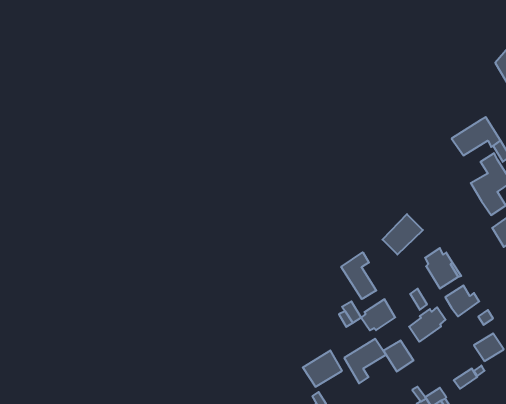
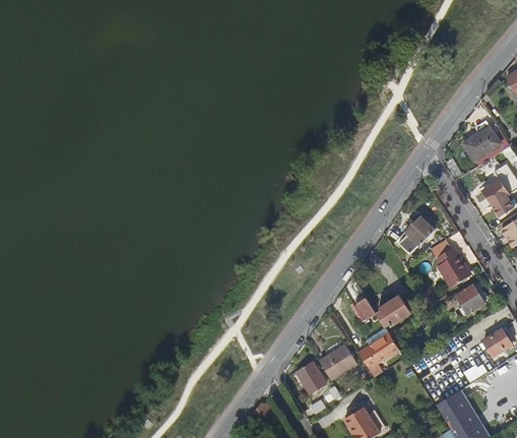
building: [341,252,376,299] -> none
building: [409,307,446,342] -> none
building: [384,340,413,372] -> none
building: none -> [296,360,326,392]

